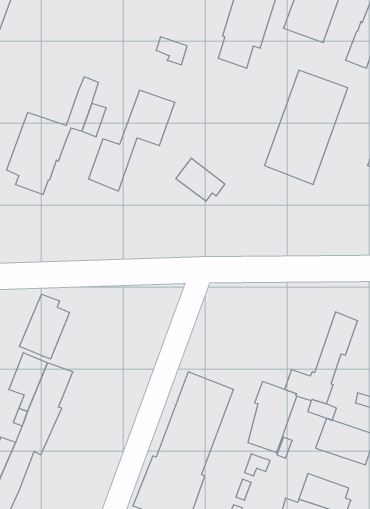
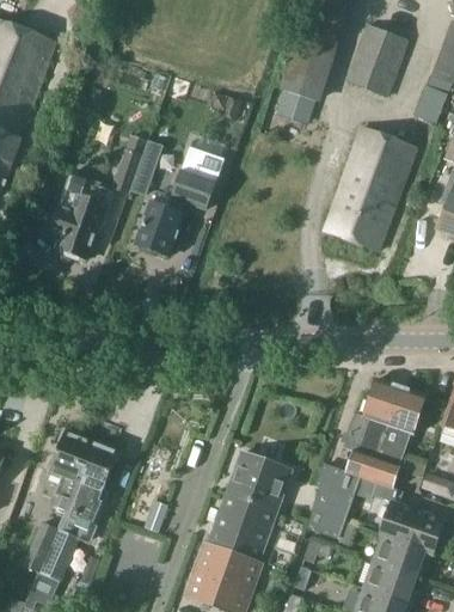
building: [176,158,225,201] -> none
building: [19,294,69,359] -> none
building: none -> [344,379,401,457]
building: none -> [372,534,434,577]

